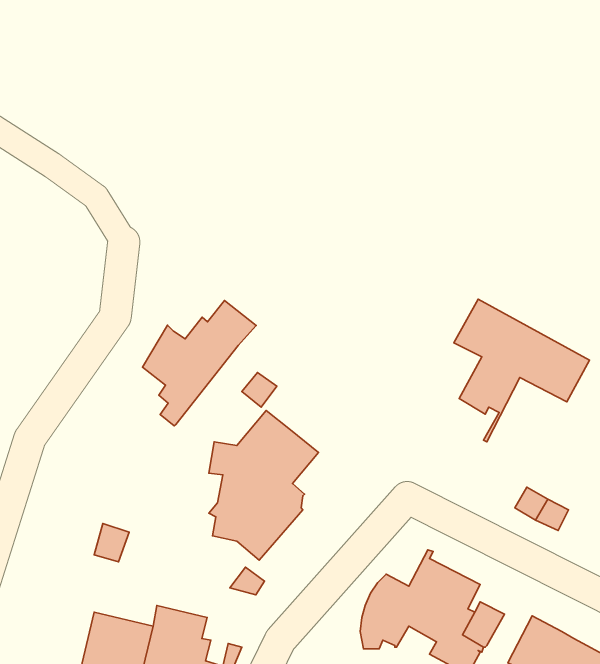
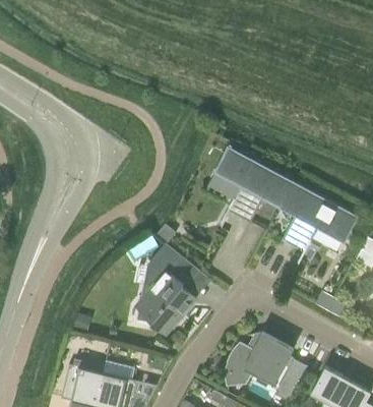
building: none -> [213,147,293,224]
building: [143,300,256,426] -> none

